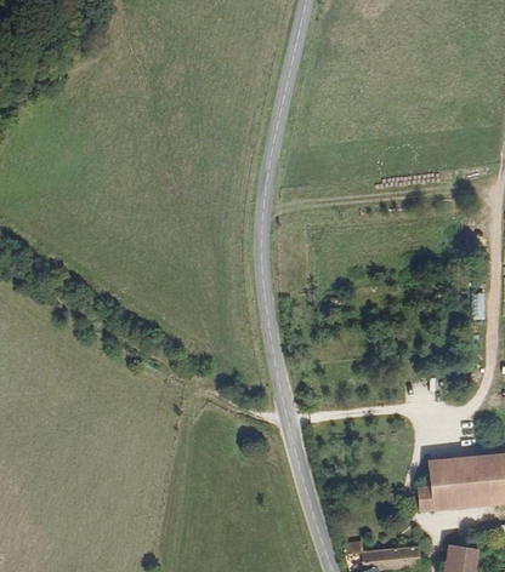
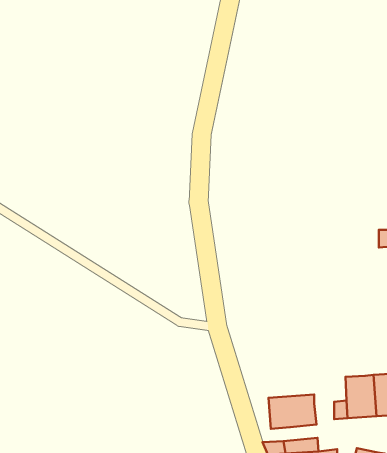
building: none -> [268,394,316,429]

